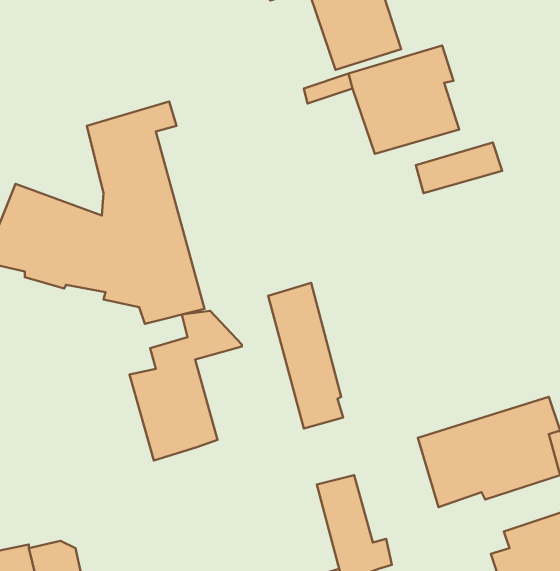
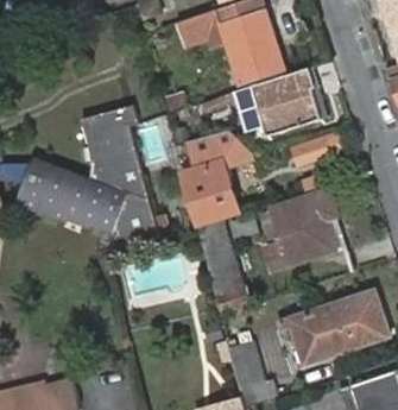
building: none -> [272,193,345,263]
building: [130,311,242,460] -> [182,132,253,227]

